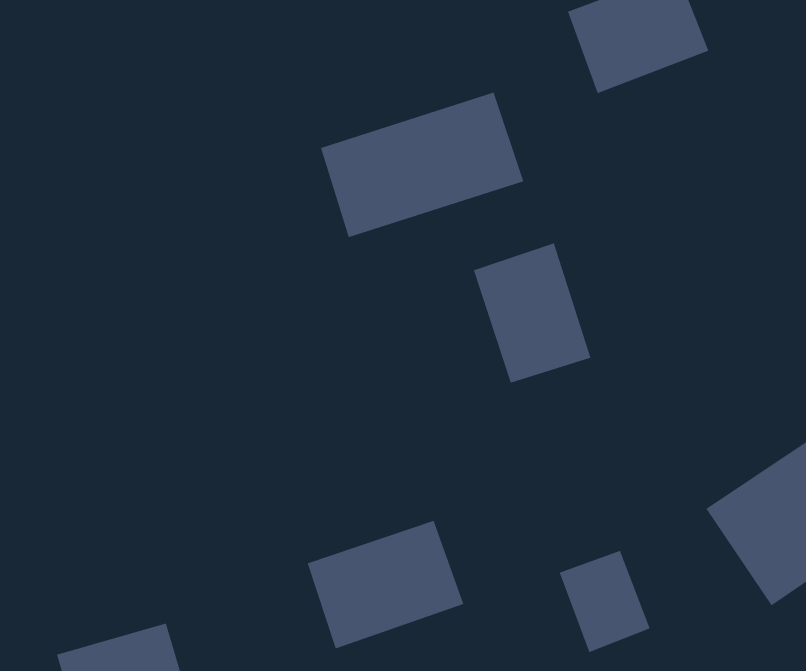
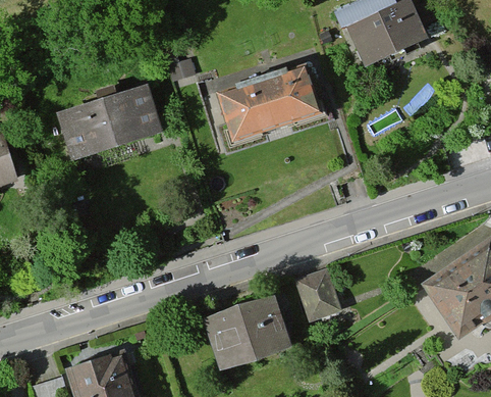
building: none -> [58,85,163,159]
building: [473,243,591,383] -> none
building: [559,550,651,653] -> [293,269,343,326]

